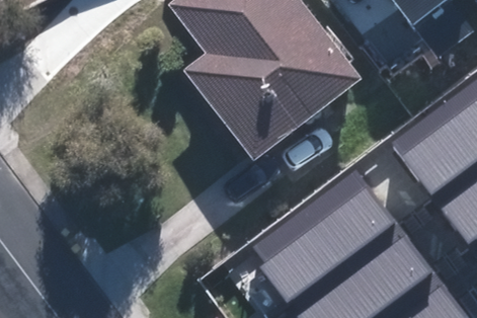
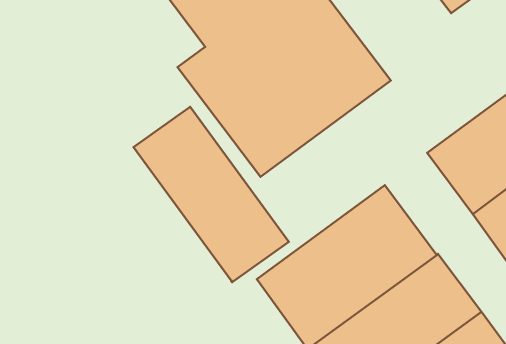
building: none -> [133,107,289,282]

